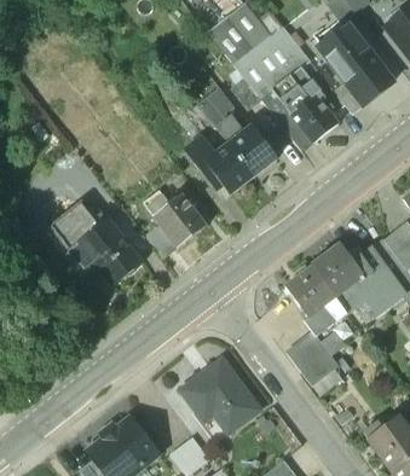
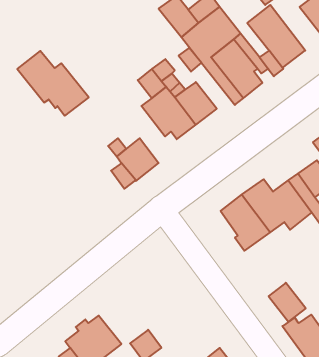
building: [51,203,142,285] -> [17,51,89,116]
building: [287,336,334,385] -> [269,283,306,322]
building: [180,359,259,433] -> none

